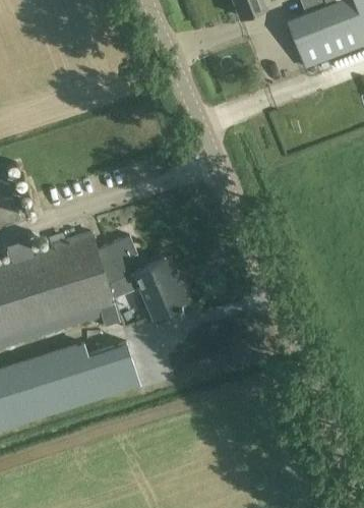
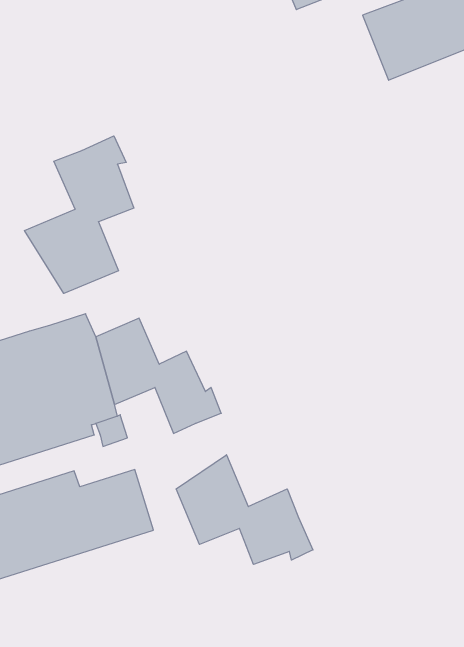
building: none -> [24,136,134,293]
building: none -> [176,455,313,564]

